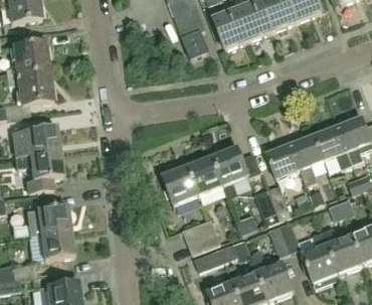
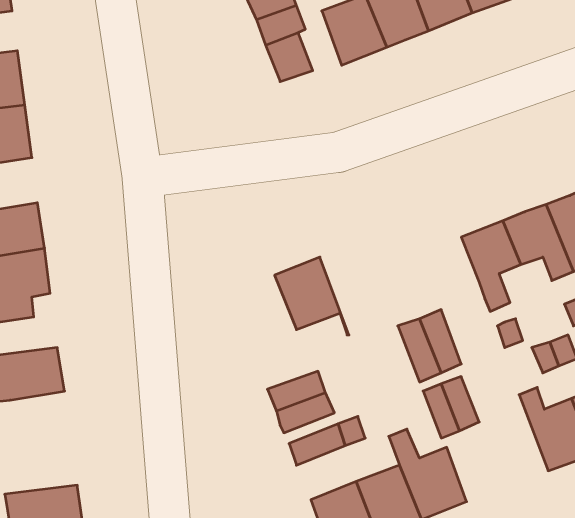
building: [212,142,249,199] -> none
building: [266,145,301,179] -> none
building: [162,166,199,206] -> none
building: [40,231,73,261] -> none
building: [302,233,339,288] -> none

